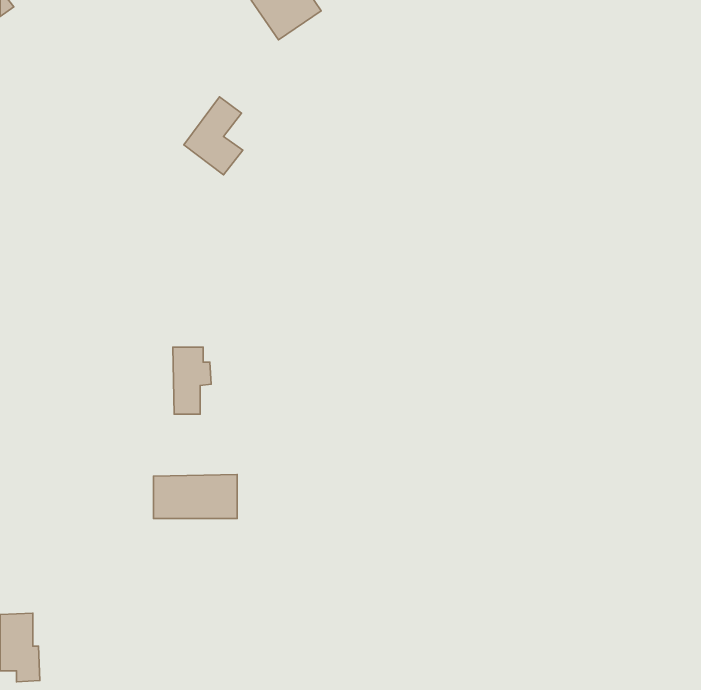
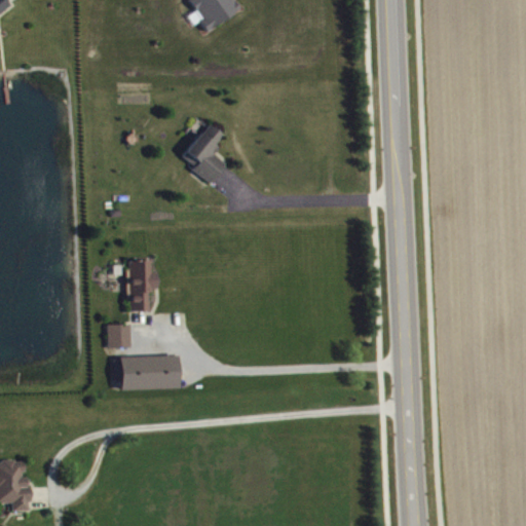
building: [184,97,243,175] -> [181,122,225,181]
building: none -> [108,324,132,348]

